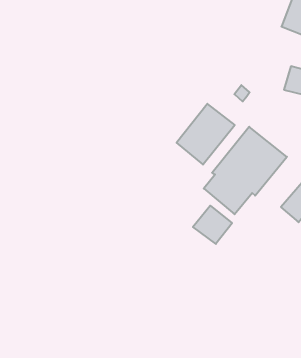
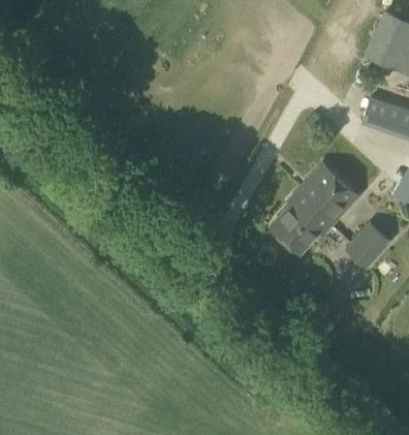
building: [177,104,235,165] -> none
building: [193,206,232,244] -> none

